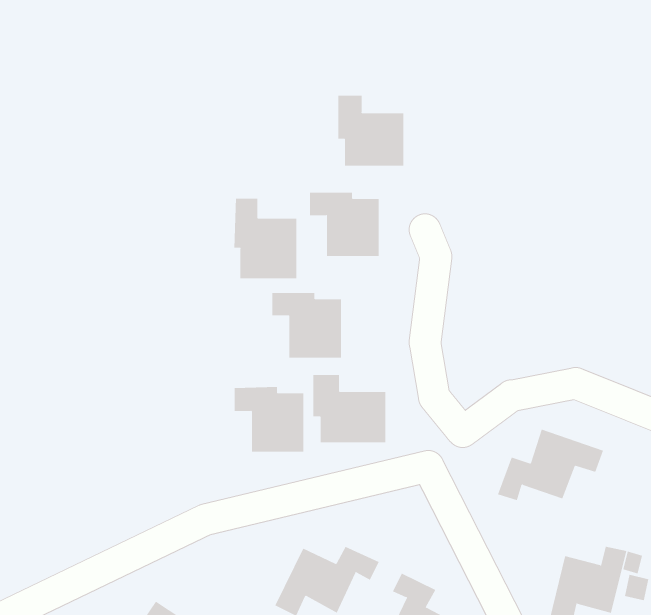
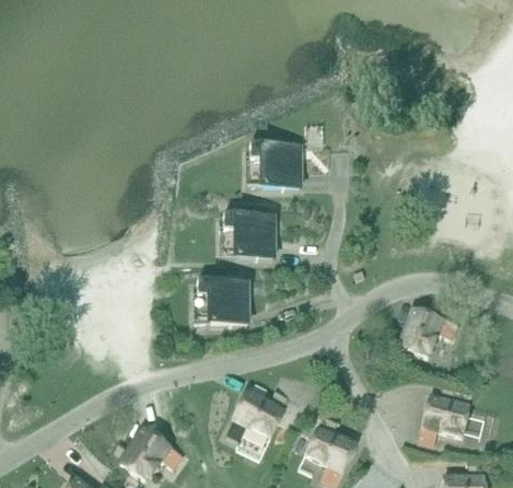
building: [338,95,404,167] -> none
building: [234,198,297,279] -> none
building: [313,374,386,443] -> none

